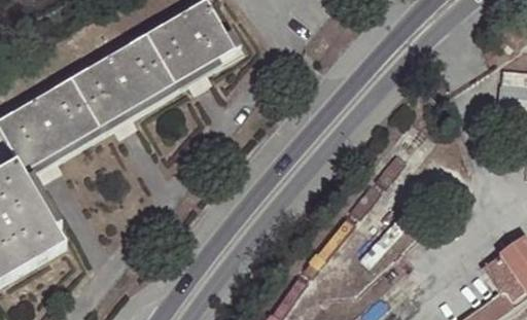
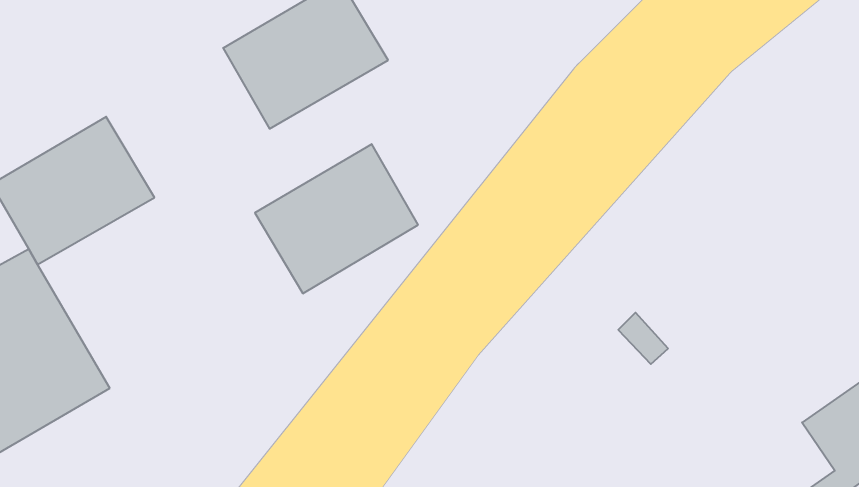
building: [67,40,165,130] -> [255,144,418,293]

